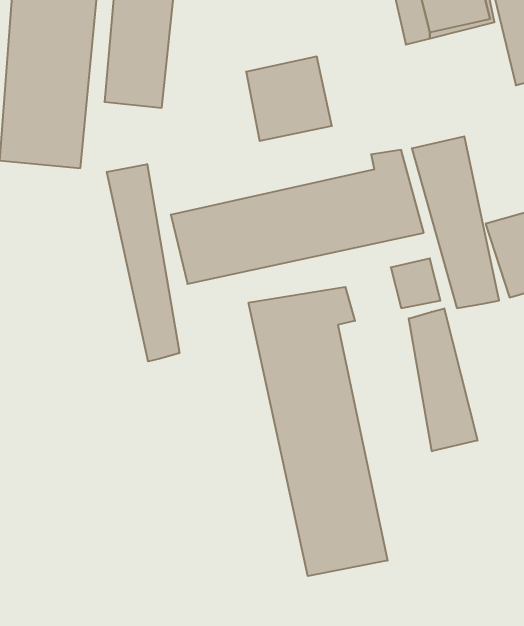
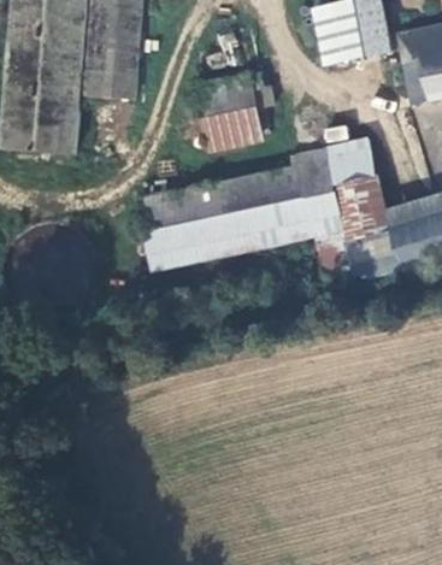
building: [107,164,179,361] -> none
building: [249,287,388,576] -> none
building: [409,308,477,451] -> none

